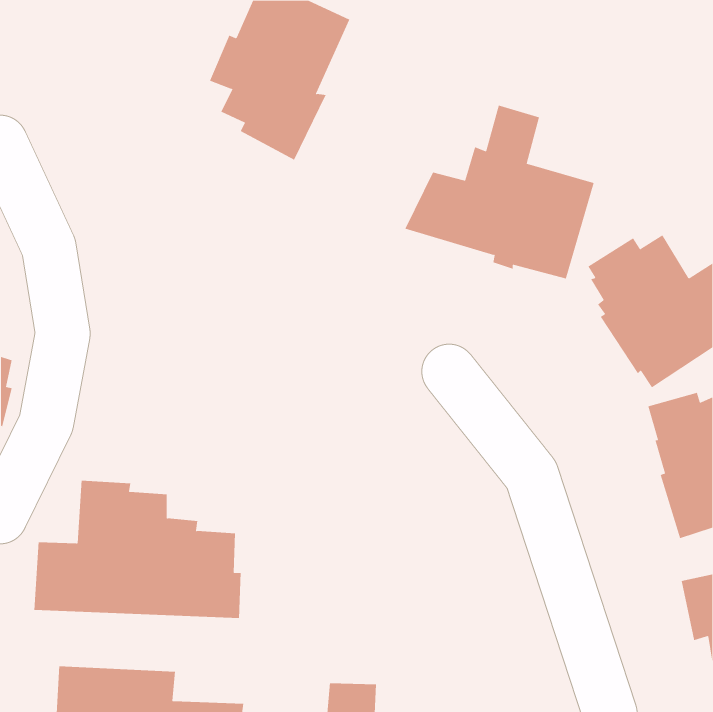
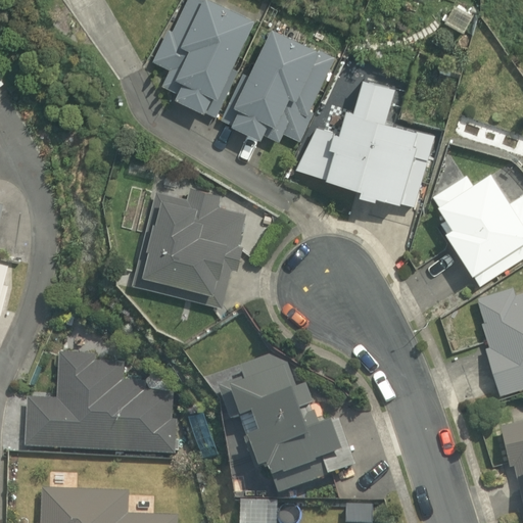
building: none -> [233,28,334,141]
building: none -> [132,186,246,306]
building: none -> [221,356,354,494]

